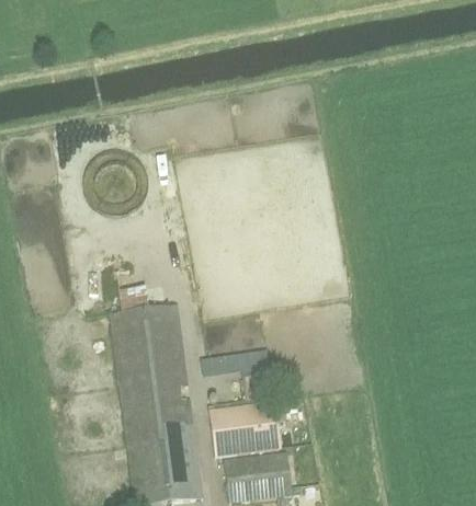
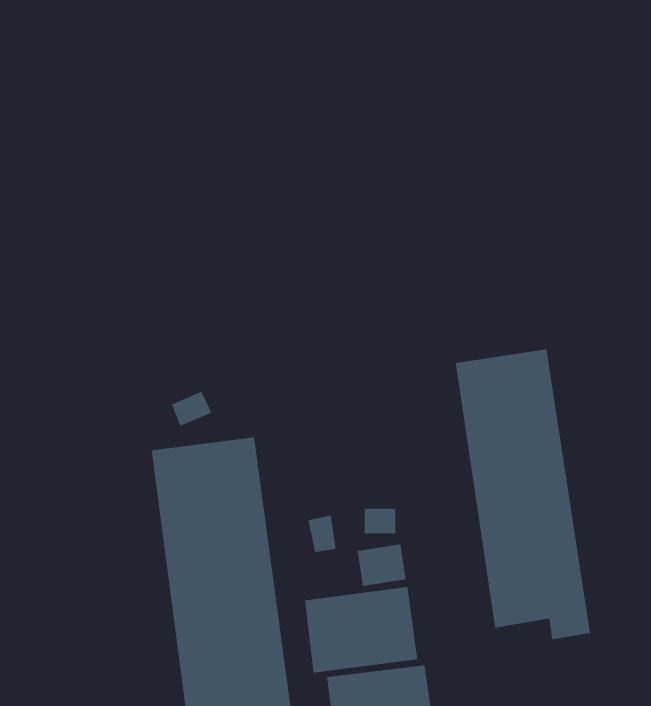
building: none -> [455,348,591,640]

